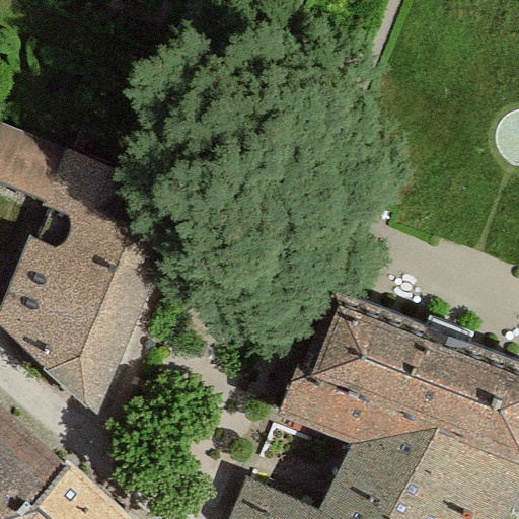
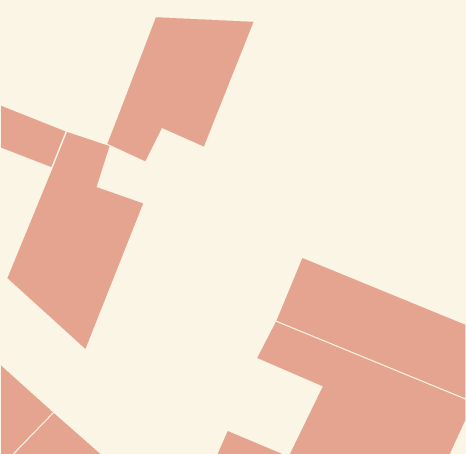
building: none -> [106,17,255,162]

